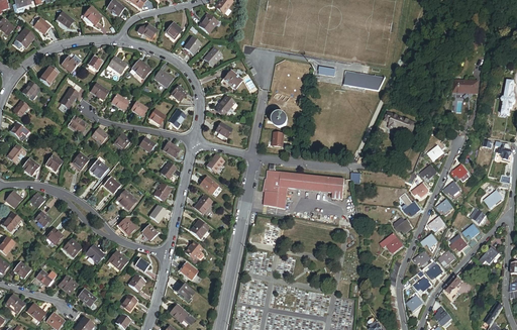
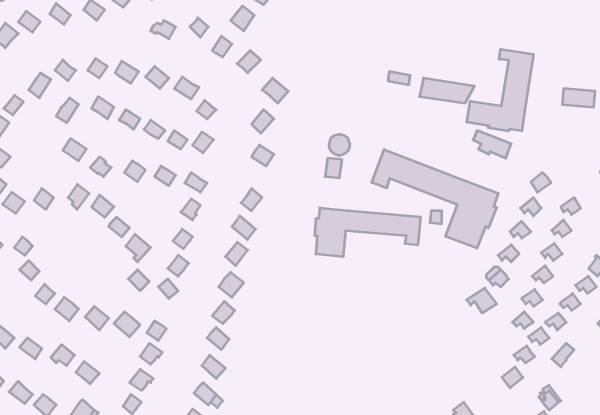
building: none -> [467,49,533,131]
building: none -> [372,149,498,248]

